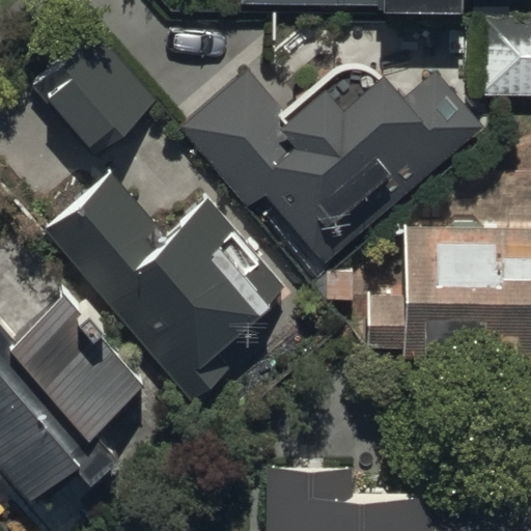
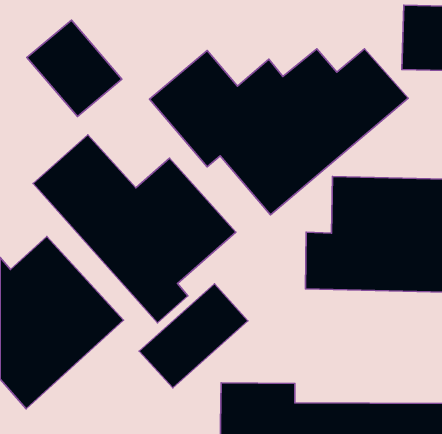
building: none -> [139,284,248,388]

